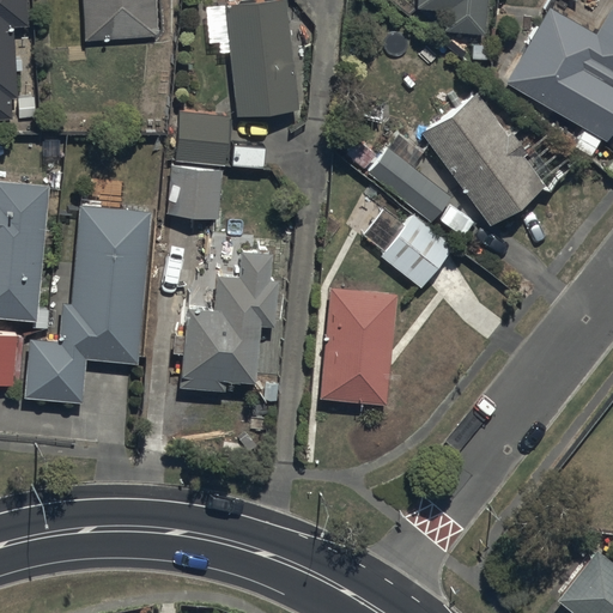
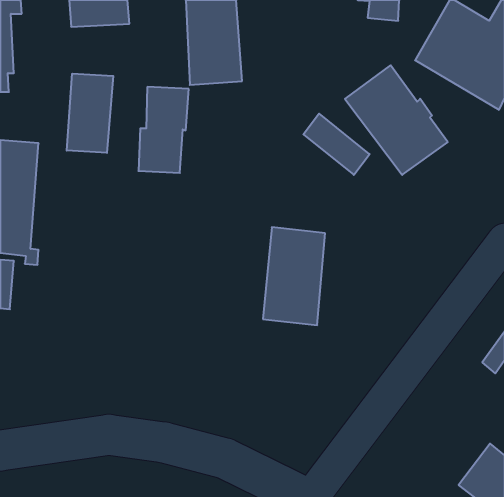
building: none -> [67,74,113,153]
building: [26,207,151,403] -> none
building: [360,210,450,284] -> none
building: [180,248,278,393] -> none

